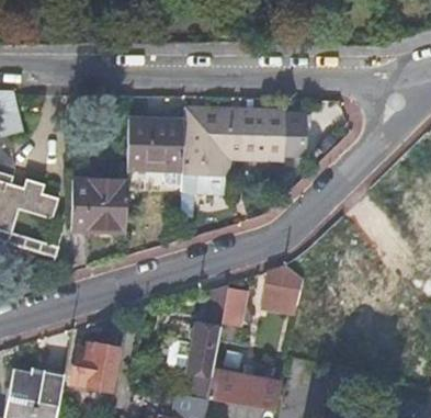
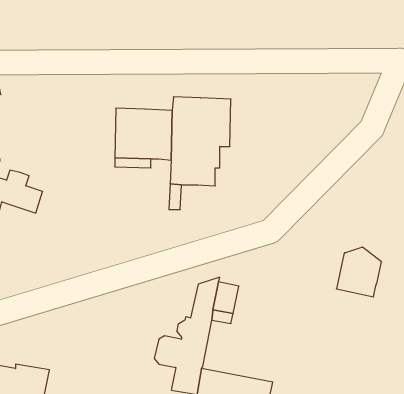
building: [239,110,305,158] -> none
building: [70,176,126,233] -> none
building: [260,267,304,315] -> [336,247,382,297]
building: [70,343,116,391] -> none

